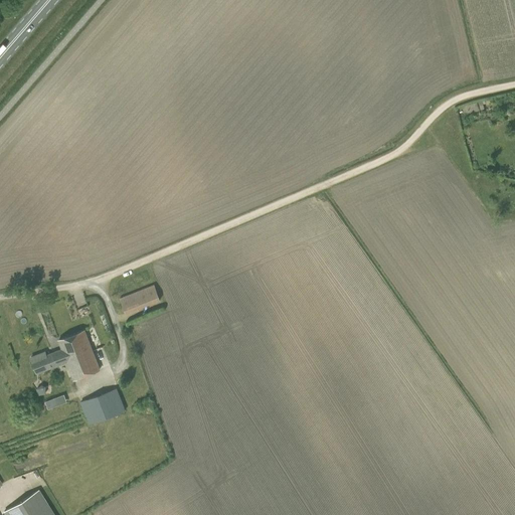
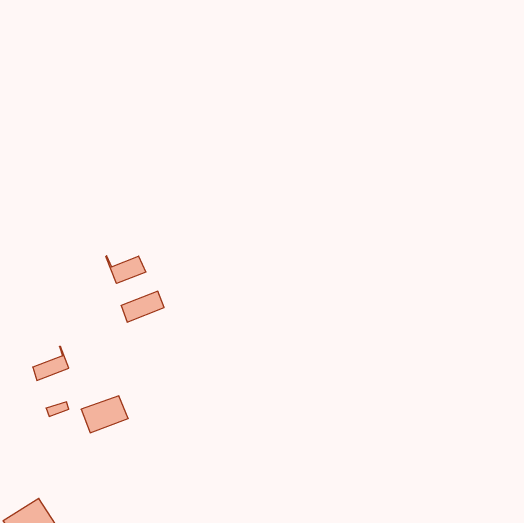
building: none -> [106,256,146,283]
building: [59,331,99,380] -> none

